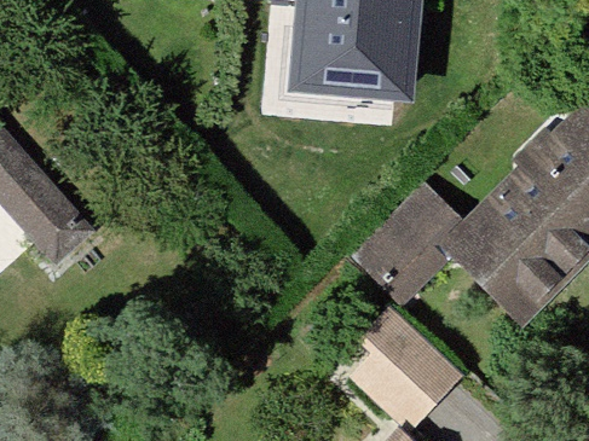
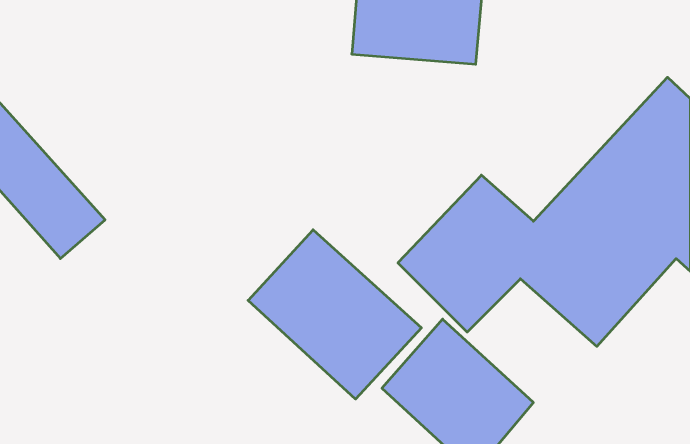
building: none -> [248,230,421,399]

